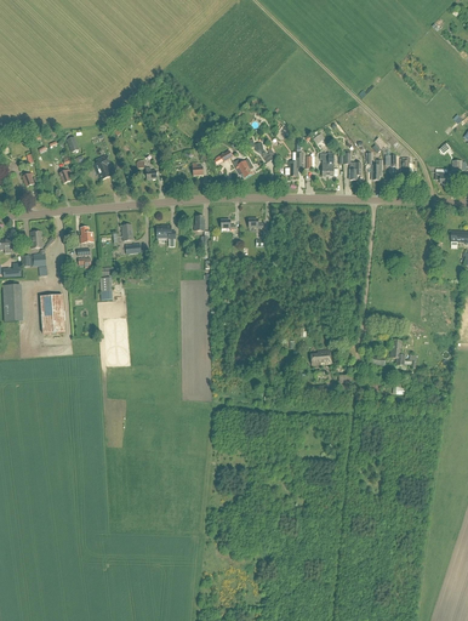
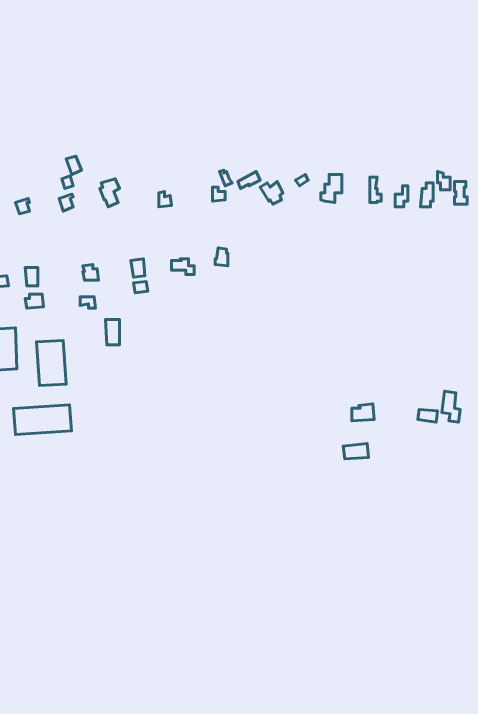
building: none -> [13,405,71,434]

